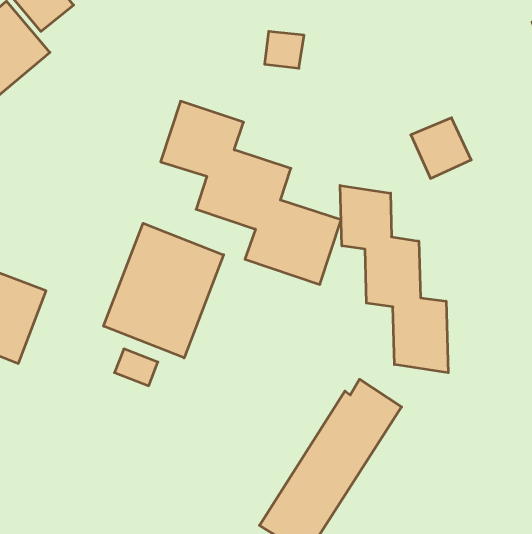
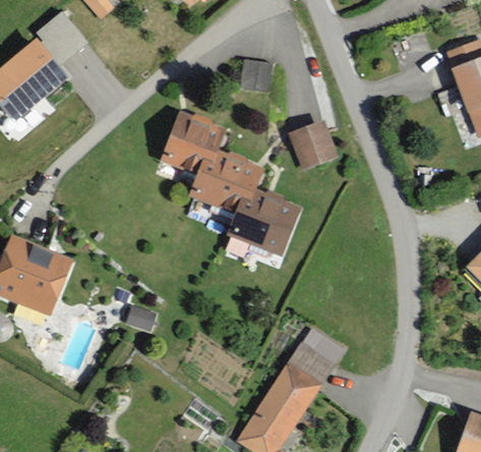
building: [411,118,471,178] -> [289,121,336,168]
building: [340,185,448,373] -> none
building: [104,223,224,358] -> none

